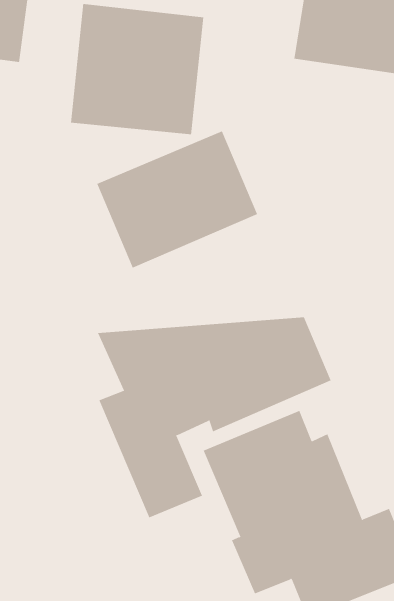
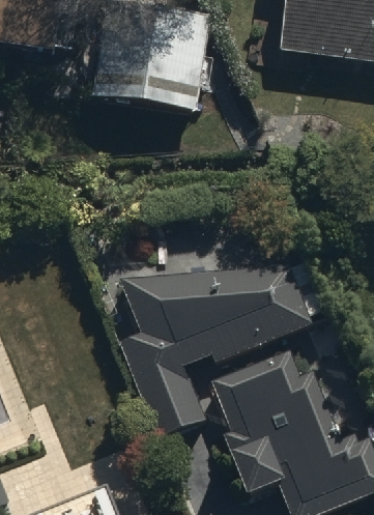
building: [97,130,258,268] -> none

